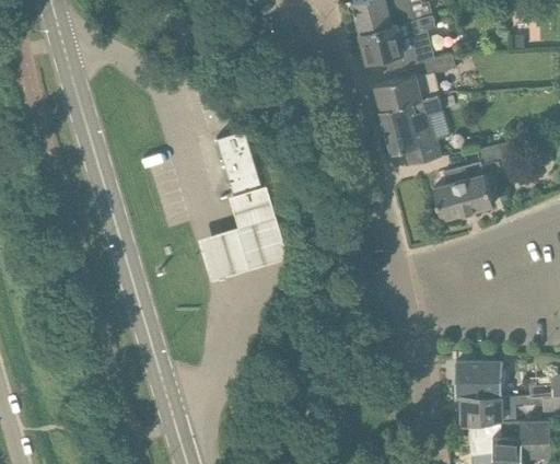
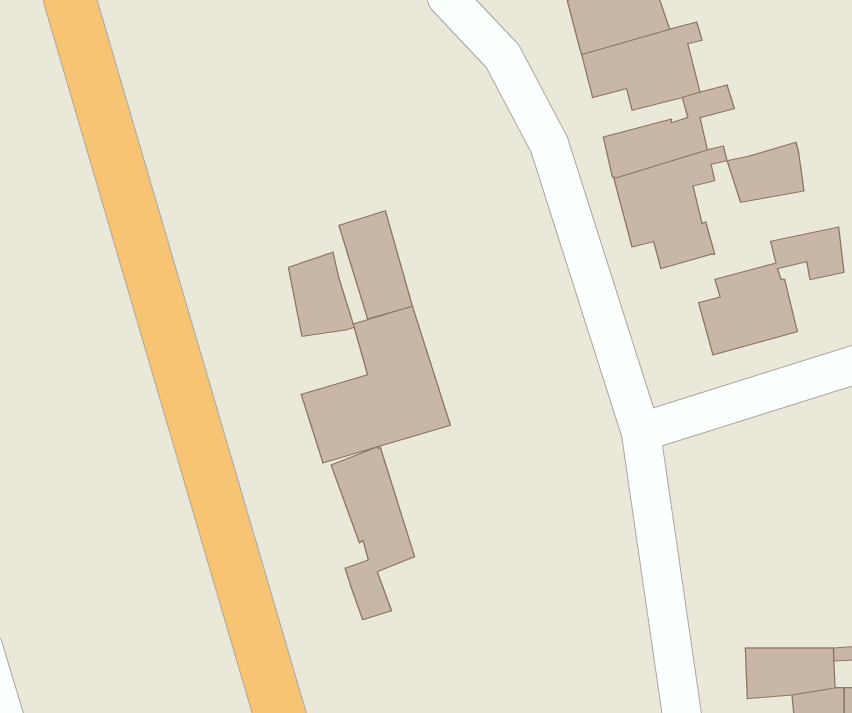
building: none -> [727,142,804,202]
building: none -> [288,252,354,336]
building: none -> [331,447,415,620]
building: [455,363,503,397] -> none

